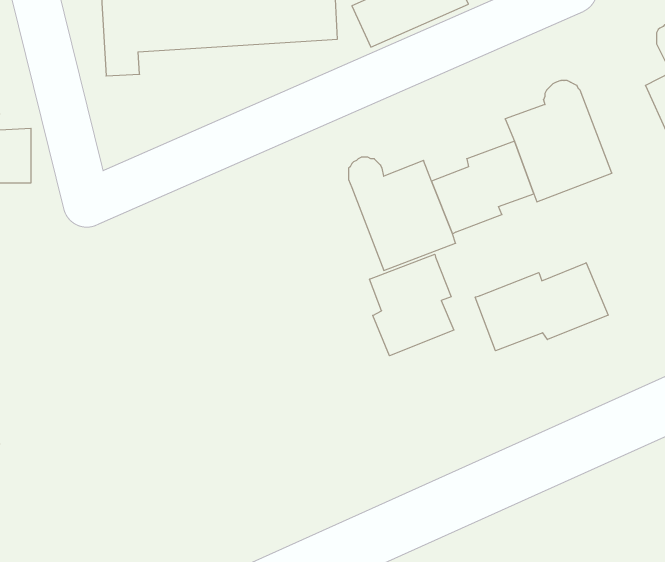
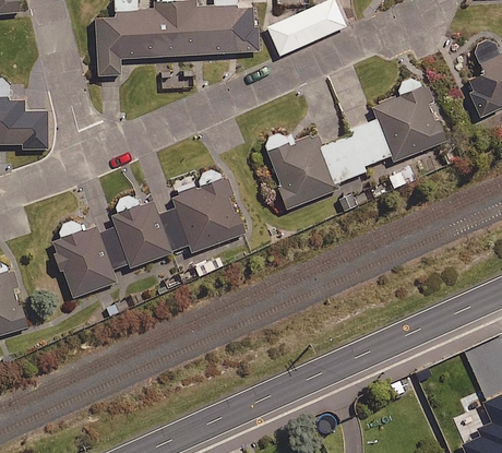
building: none -> [52,169,241,297]
building: [370,254,454,356] -> none
building: [475,263,608,351] -> none

